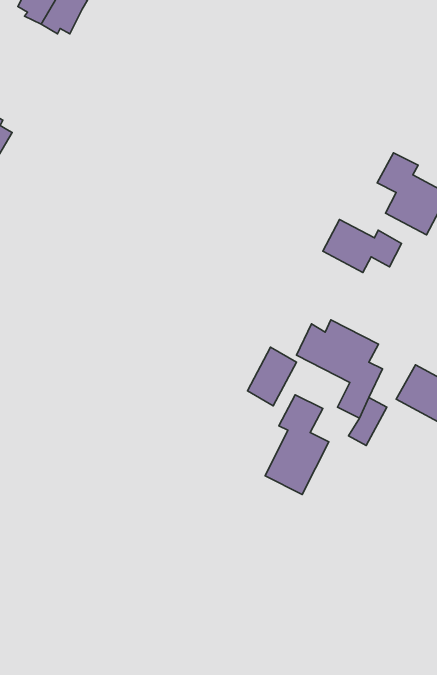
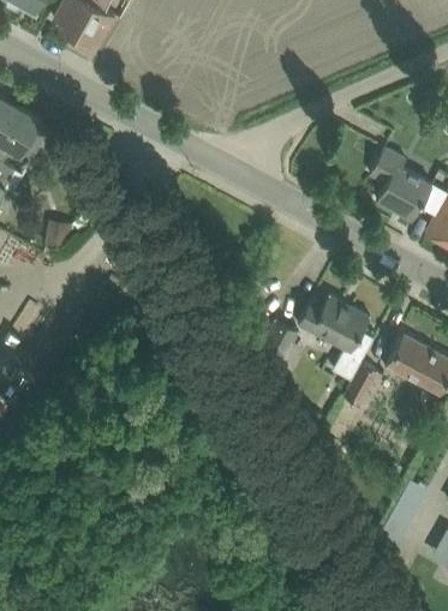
building: [323,219,402,273] -> none
building: [265,395,329,495] -> none

